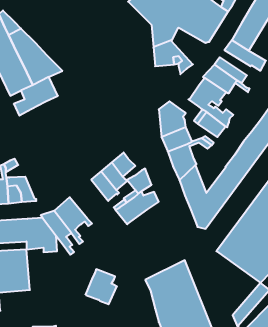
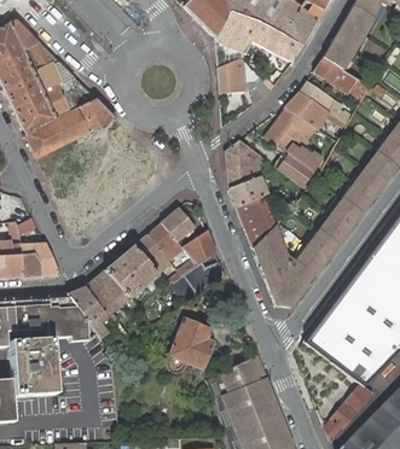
building: none -> [79,99,117,133]
building: none -> [106,245,158,298]
building: [85,269,117,304] -> [170,321,213,368]

